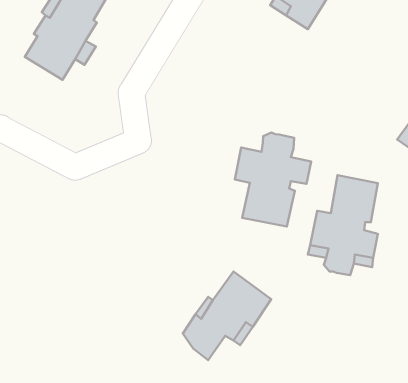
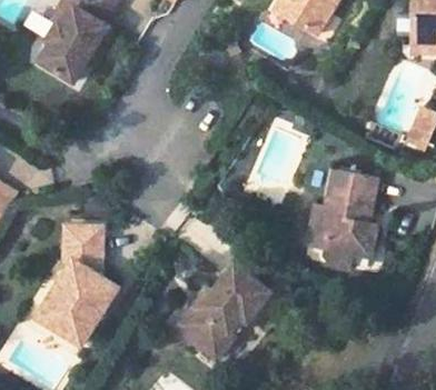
building: [235,133,311,227] -> none
building: none -> [34,229,116,346]

